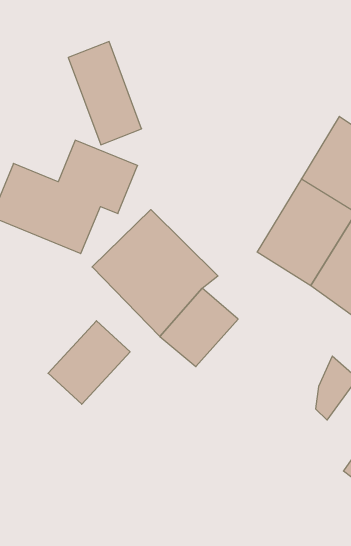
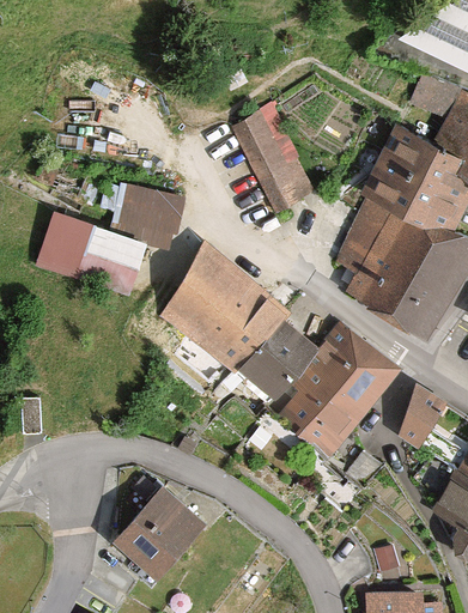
building: [68,42,142,145] -> [235,102,318,212]
building: none -> [269,324,399,460]
building: [48,321,130,404] -> [114,488,199,578]

